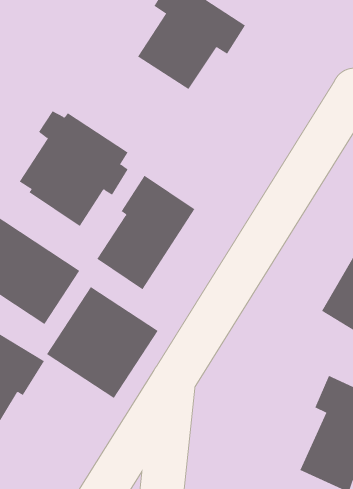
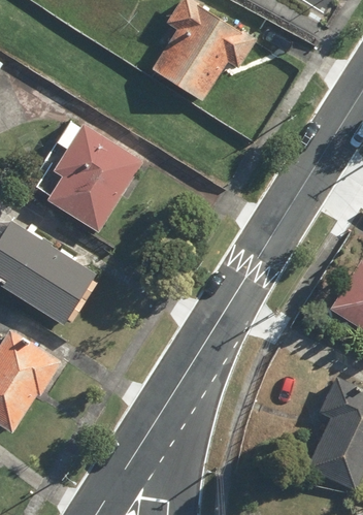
building: [97,175,195,290] -> none
building: [46,286,159,399] -> none

